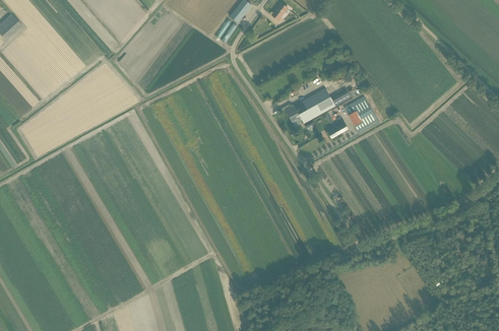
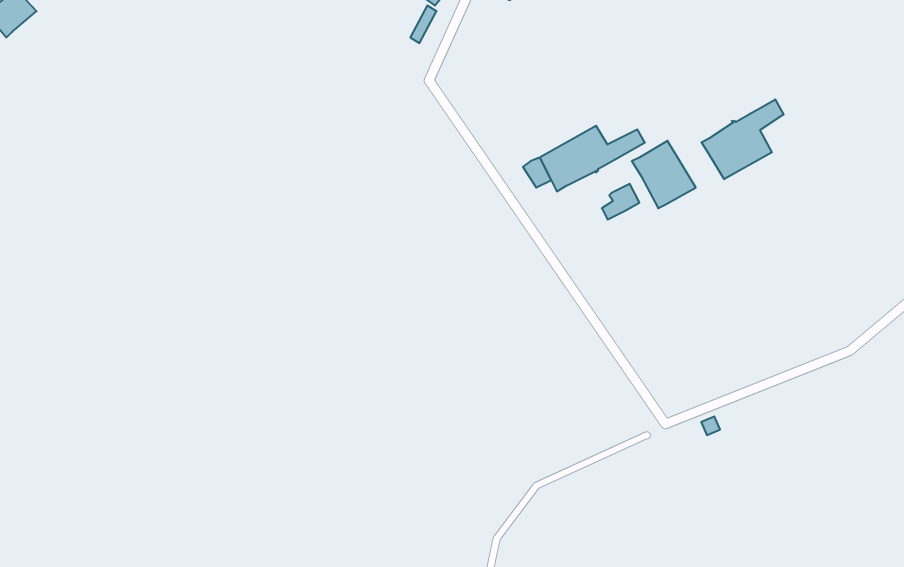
building: none -> [702,99,784,179]

